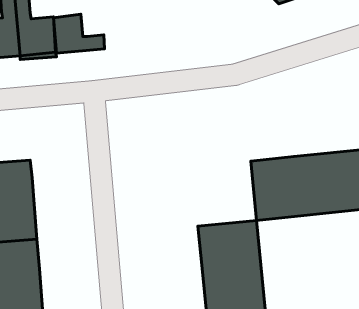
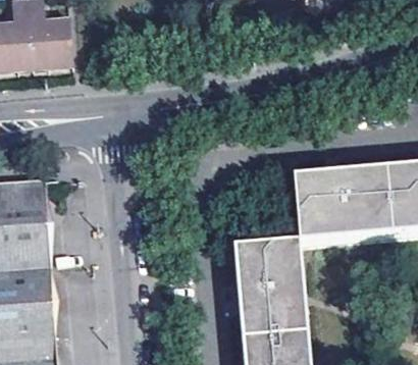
building: [54,14,104,53] -> none

